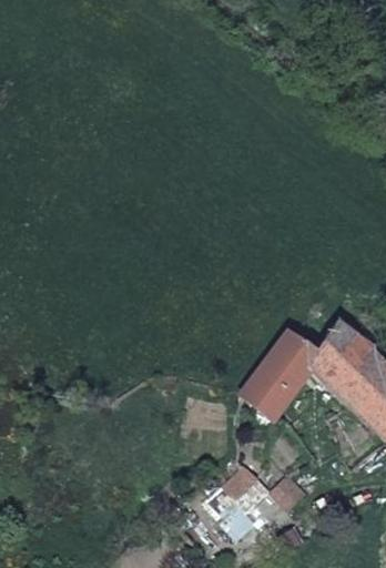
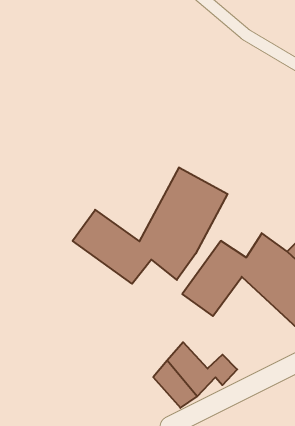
building: none -> [73,167,228,284]

